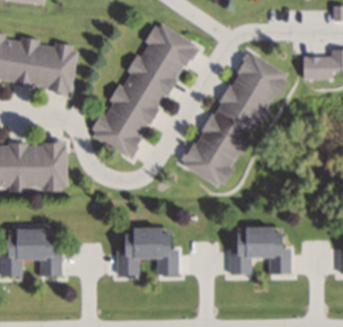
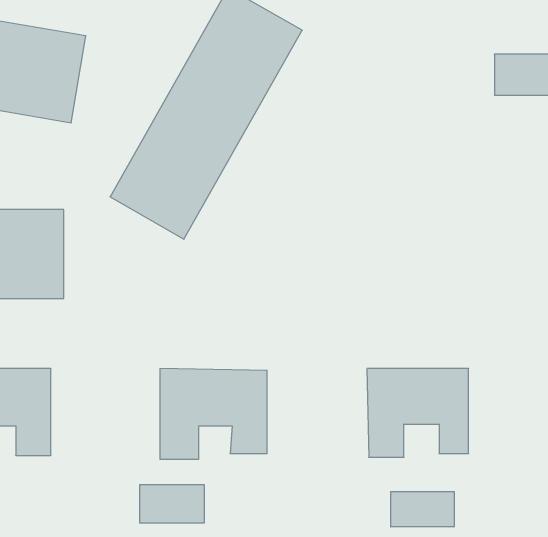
building: [183,50,287,188] -> none
building: none -> [140,485,204,523]
building: none -> [391,492,454,527]

